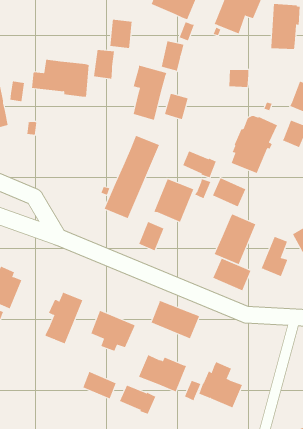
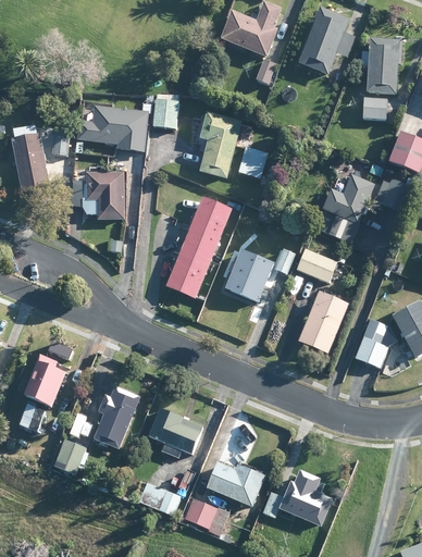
building: [110,19,132,49] -> none
building: [161,41,184,72] -> none
building: [228,69,249,87] -> [362,97,387,119]
building: none -> [87,171,125,219]
building: [183,150,217,178] -> none
building: [138,221,164,251] -> none
building: [213,258,251,291] -> none
building: [151,300,200,339] -> none
building: none -> [54,438,86,473]

